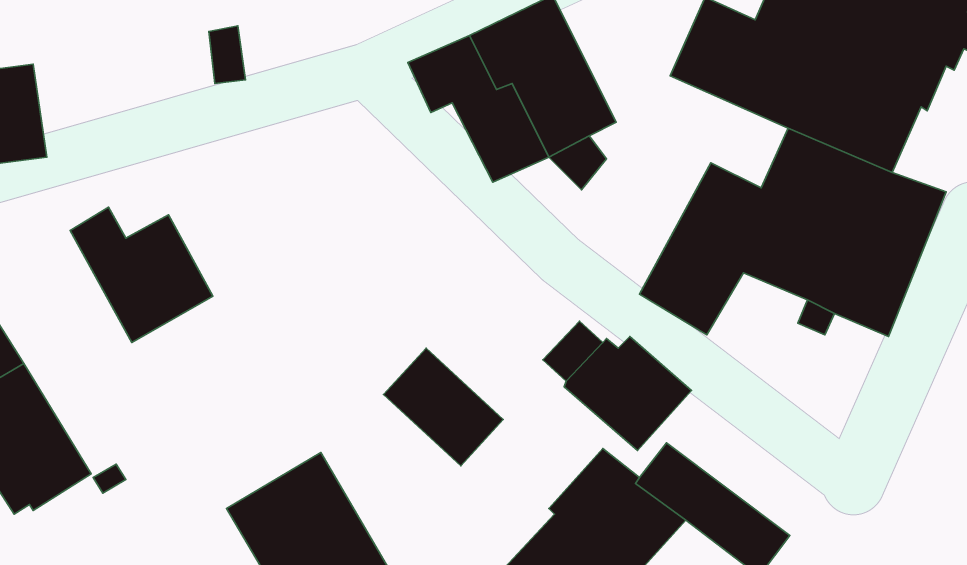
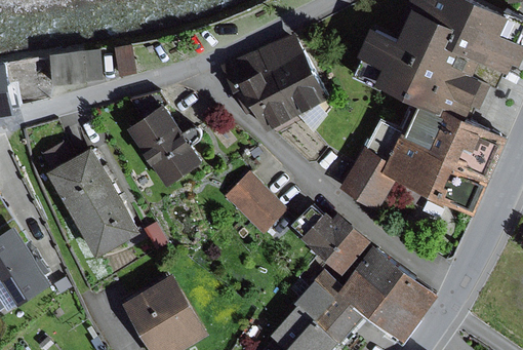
building: none -> [46,52,102,86]
building: none -> [125,105,202,187]
building: none -> [71,191,138,257]
building: [384,348,503,466] -> [223,173,286,236]
building: none -> [355,245,437,318]

